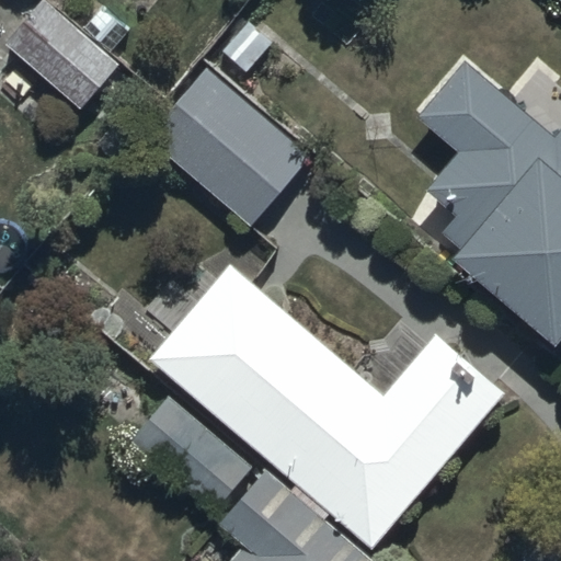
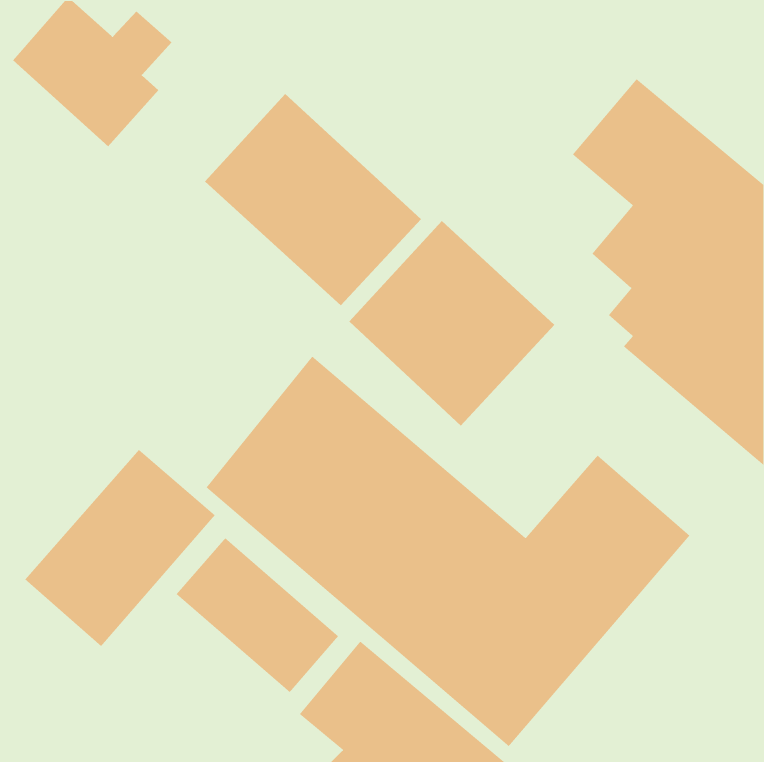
building: none -> [349,220,555,427]
building: none -> [24,449,216,647]

